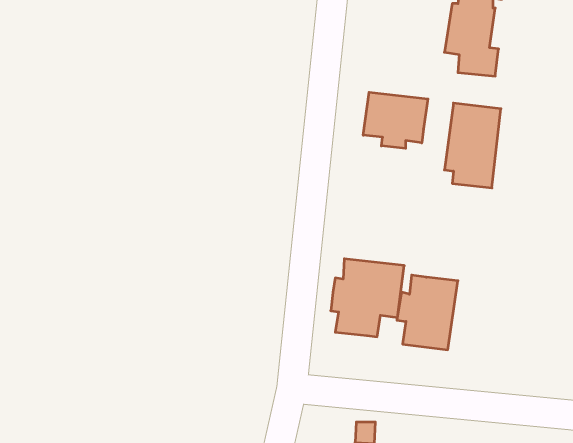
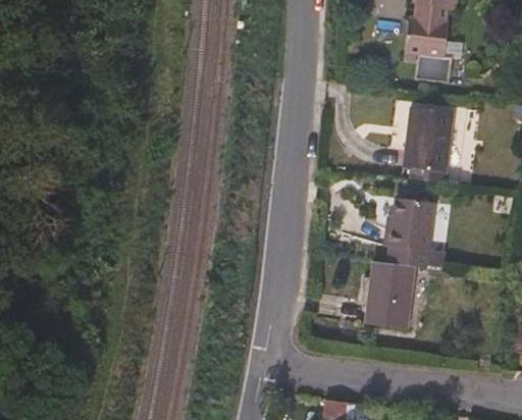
building: [363,92,428,148] -> none
building: [331,259,404,337] -> [382,196,449,266]

